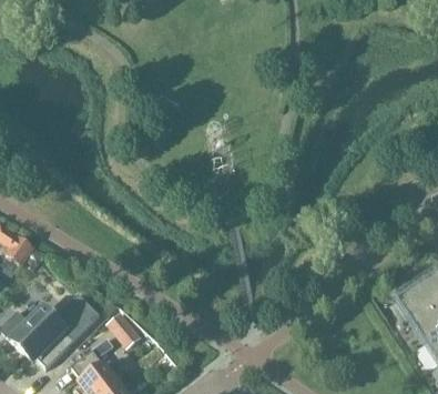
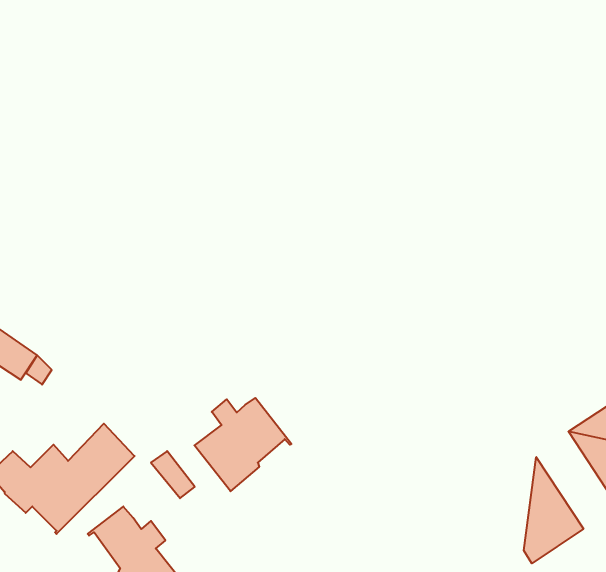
building: none -> [194,398,291,491]
building: none -> [524,457,583,563]

